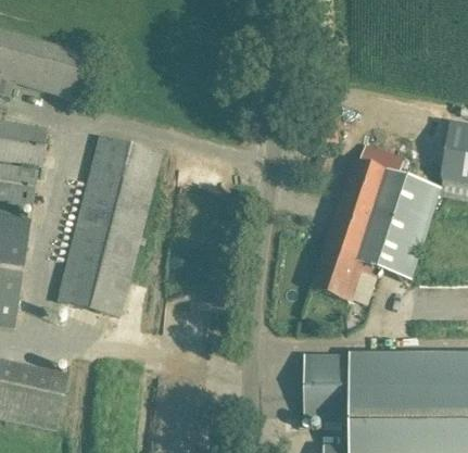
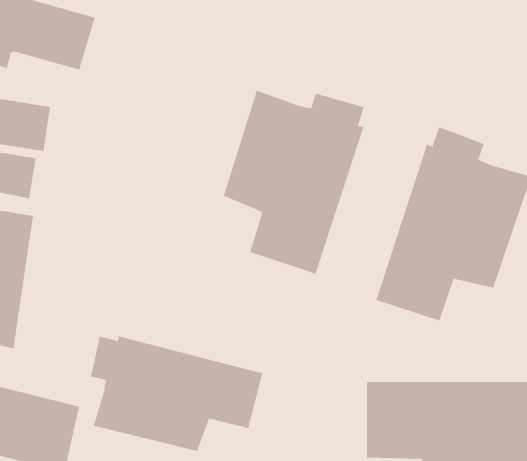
building: none -> [223,90,364,274]
building: [56,136,161,316] -> none
building: none -> [91,335,263,452]

